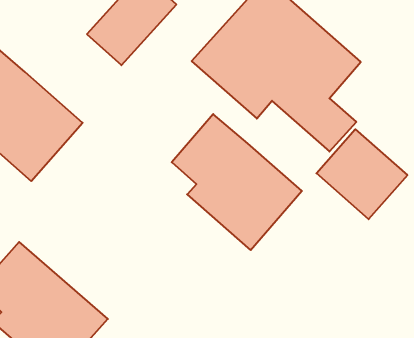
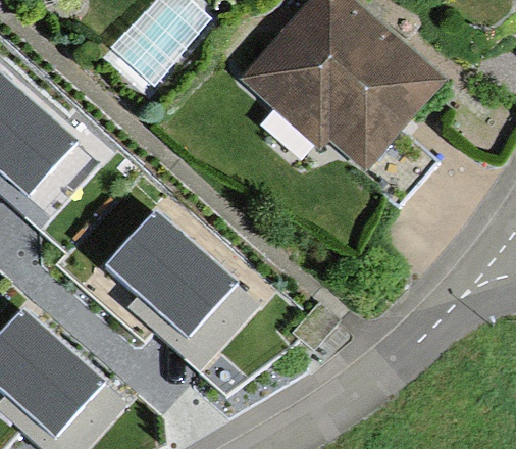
building: [172,114,302,250] -> [104,203,261,367]
building: [316,129,407,219] -> none

